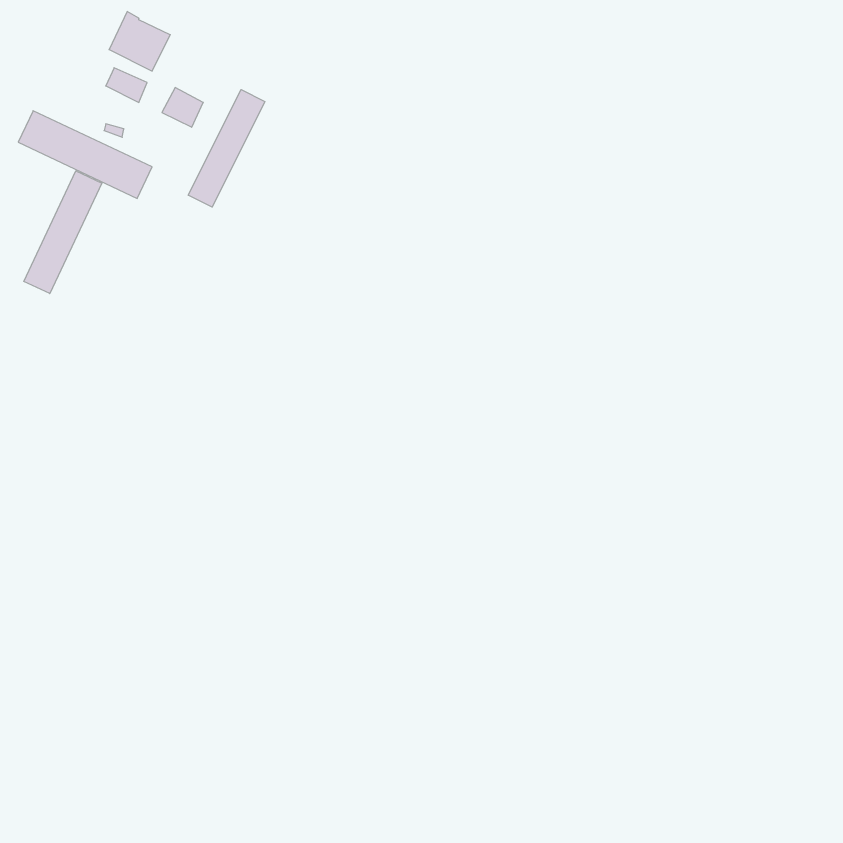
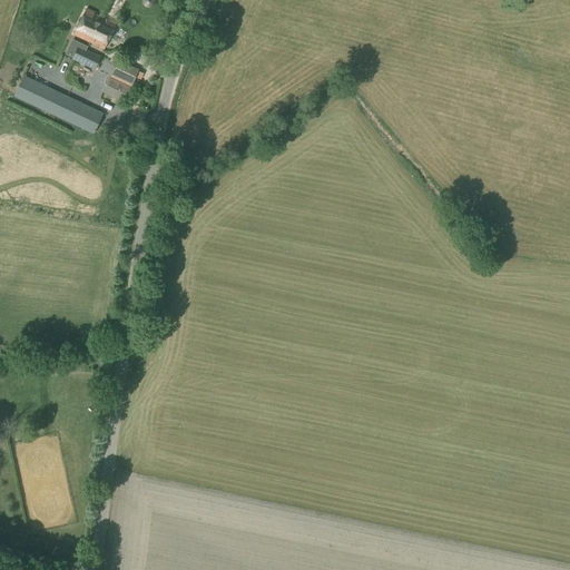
building: [188,90,265,207] -> none
building: [24,171,102,294] -> none

